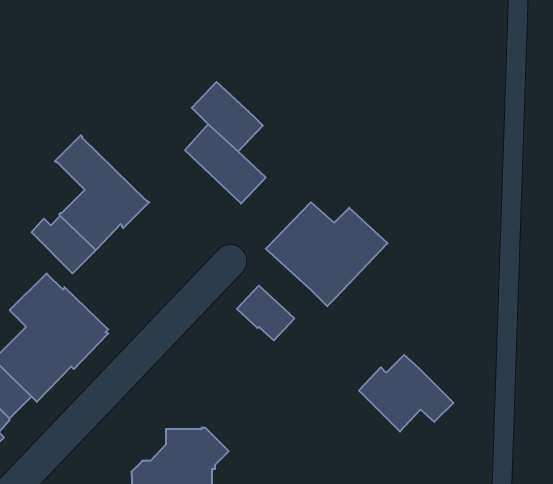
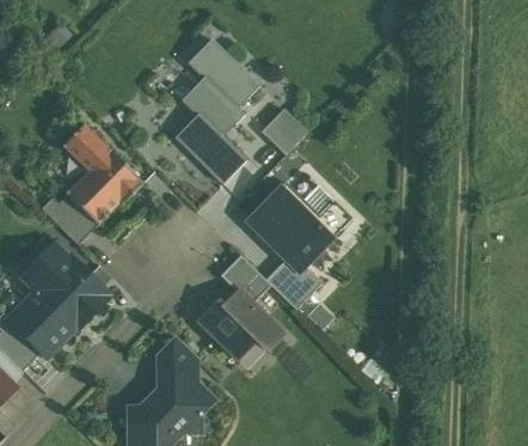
building: none -> [188,38,258,108]
building: none -> [260,108,306,152]
building: none -> [265,258,323,308]
building: [359,355,453,432] -> [199,291,282,358]
building: none -> [158,337,196,380]

